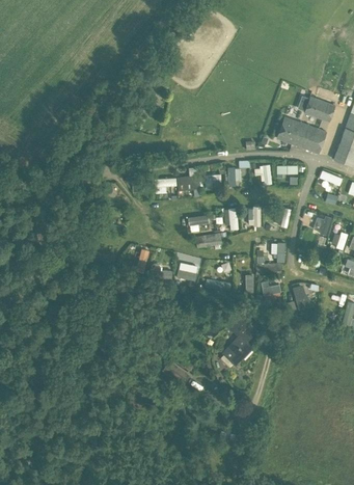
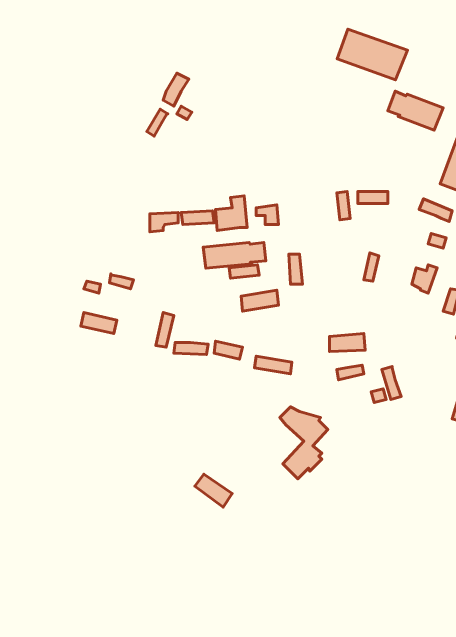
building: [277,117,326,153] -> [337,29,408,80]
building: none -> [203,242,266,268]

